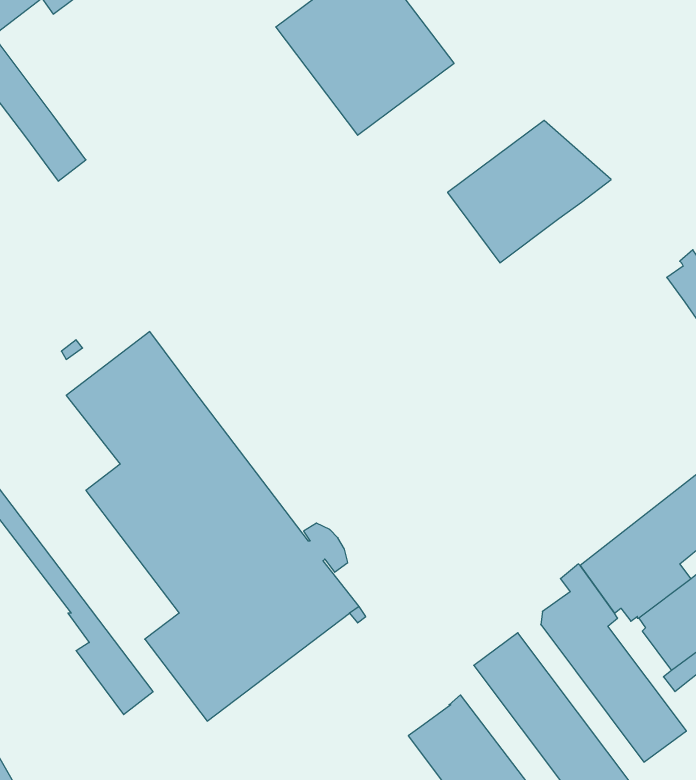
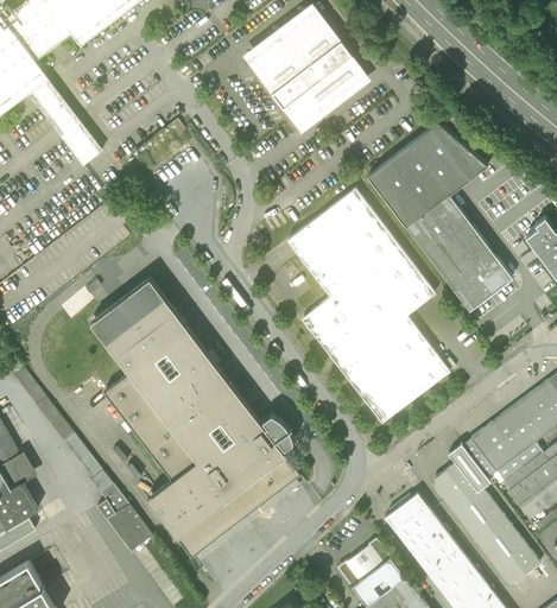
building: none -> [287,189,449,425]
building: none -> [404,194,509,310]

